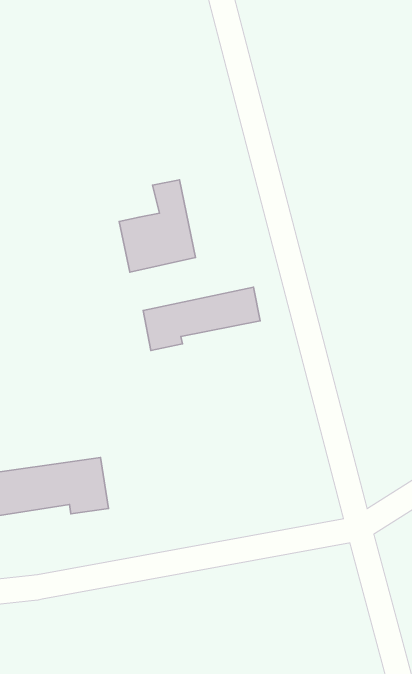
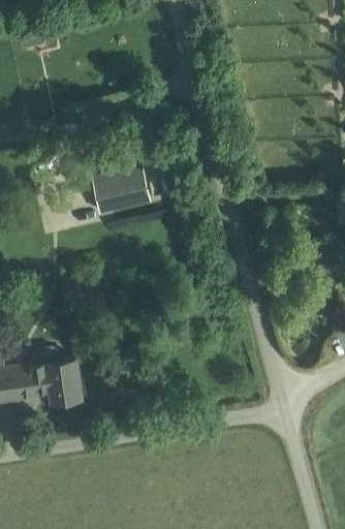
building: [143,287,260,351] -> none

